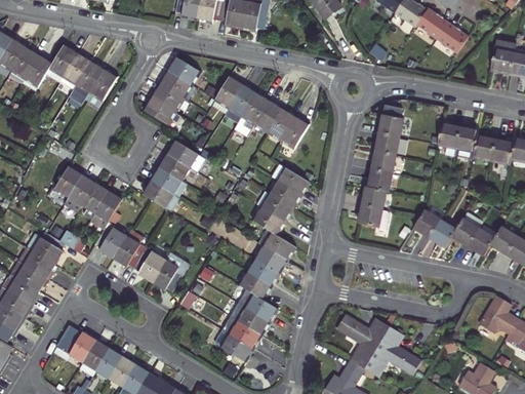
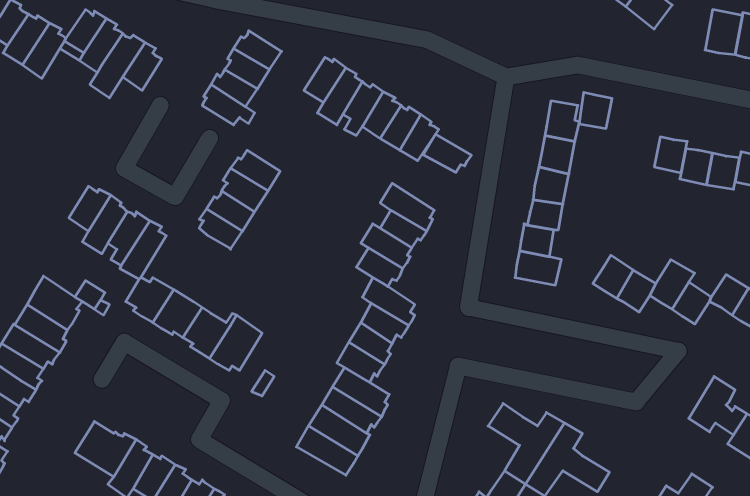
building: [437,126,459,151] -> [579,92,612,128]
building: none -> [423,134,471,172]

